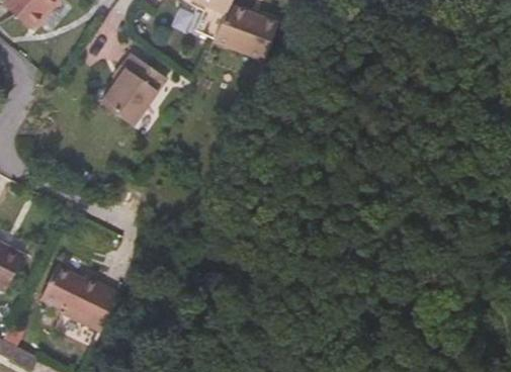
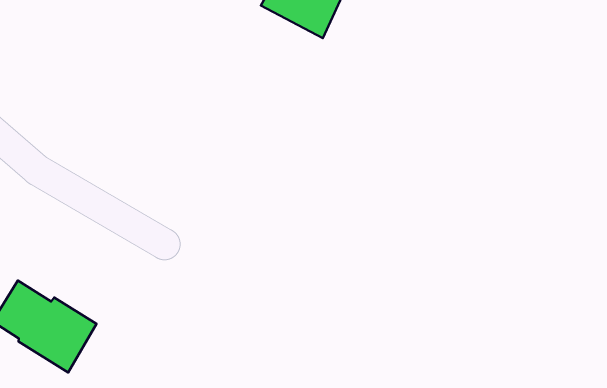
building: [100,66,157,125] -> none

